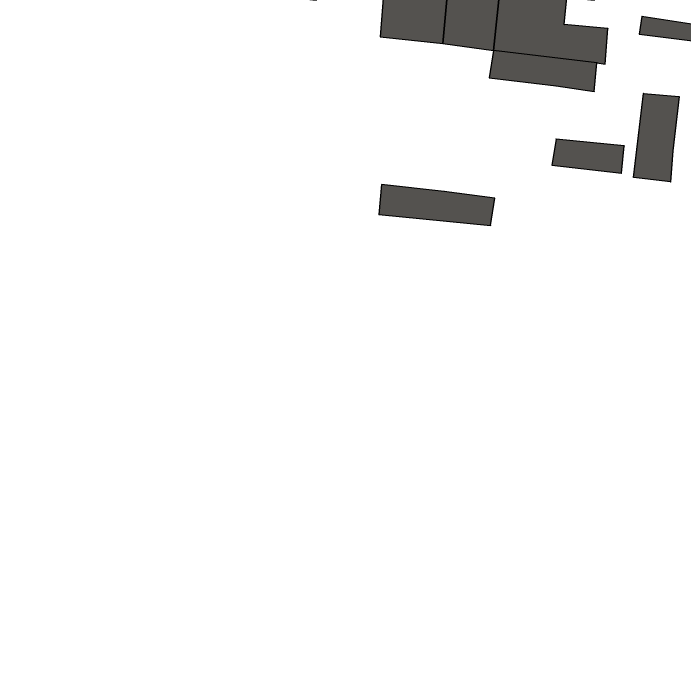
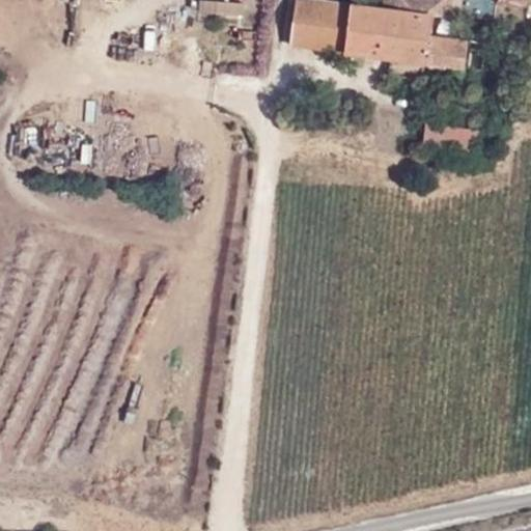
building: [634,93,679,182] -> none
building: [379,185,495,225] -> [291,28,380,59]

